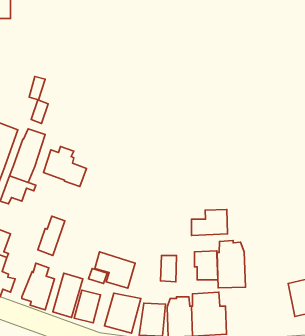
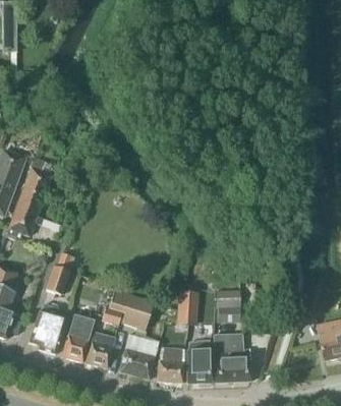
building: [43,147,86,186] -> none
building: [191,209,227,235] -> none
building: [217,241,245,288] -> none

